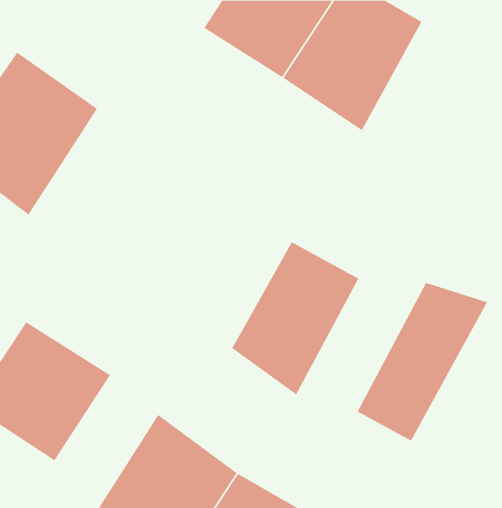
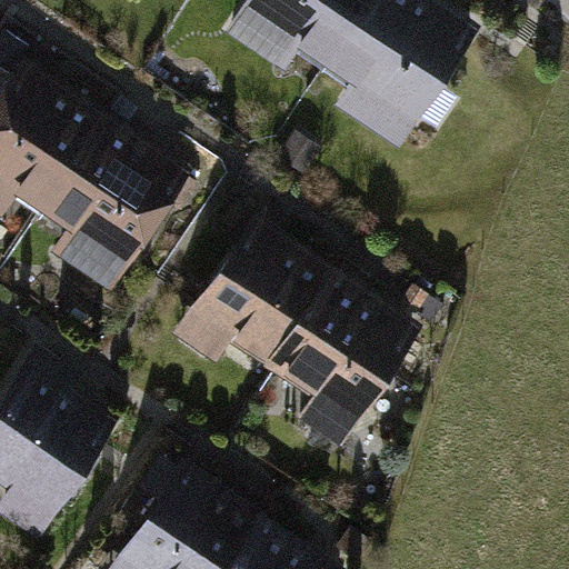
building: none -> [32,123,186,298]
building: none -> [166,214,325,390]
building: [357,282,488,441] -> none

